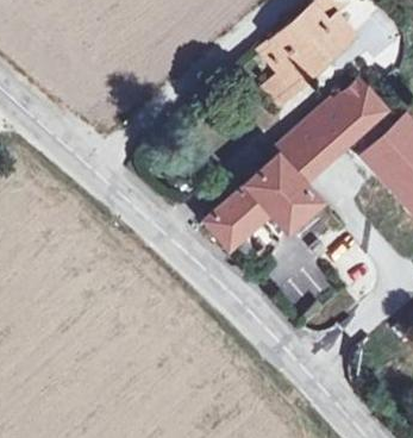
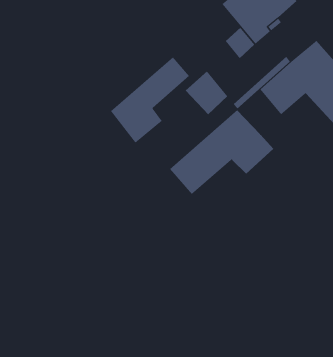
building: none -> [110,56,190,143]
building: [279,137,325,184] -> [185,70,228,115]

